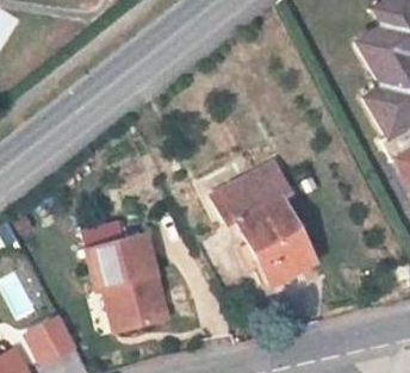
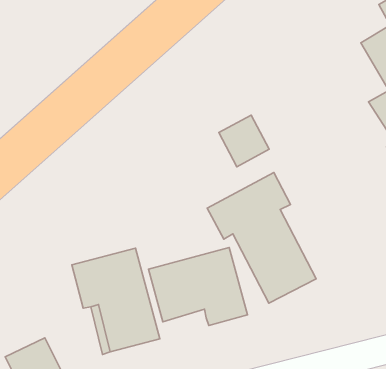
building: none -> [219,115,269,167]
building: none -> [148,248,248,325]

